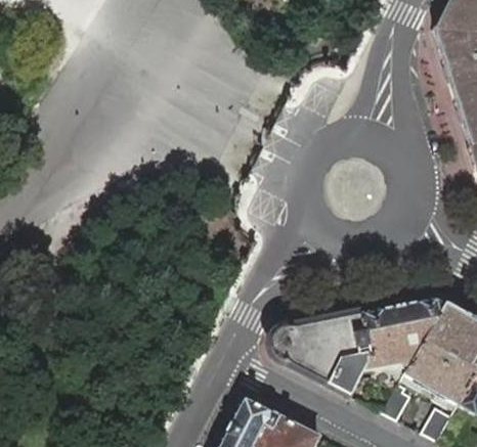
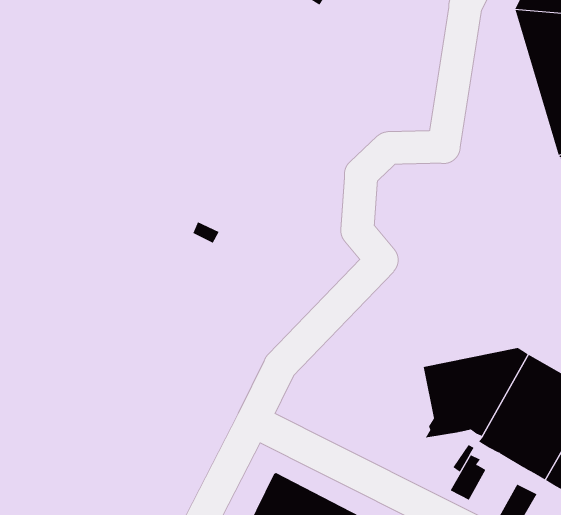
building: [274,314,372,396] -> none

